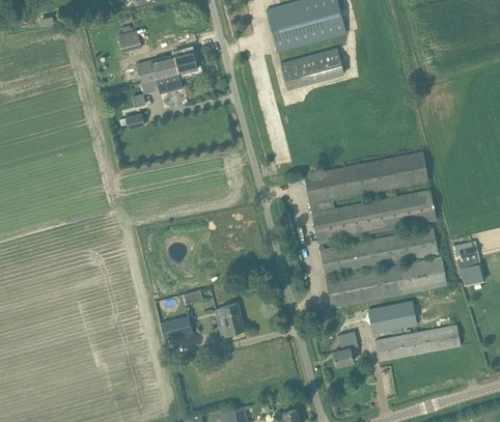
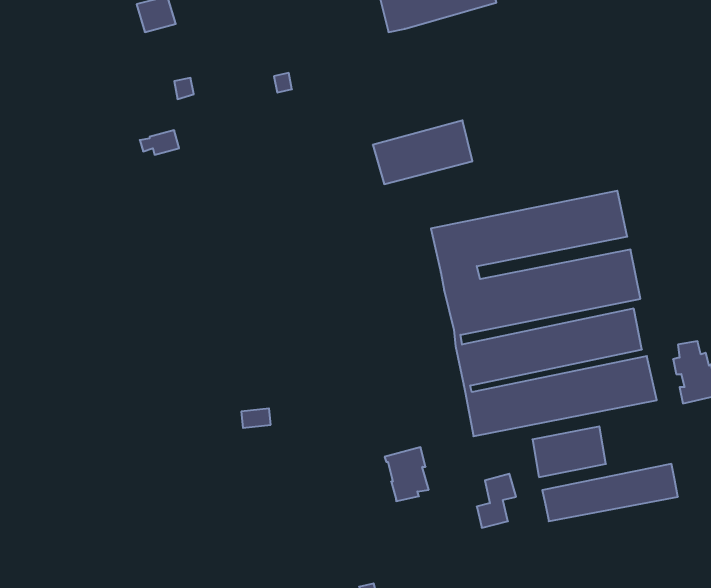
building: [280,48,343,88] -> [373,120,472,184]
building: [151,49,197,93] -> none
building: [215,303,243,337] -> [385,447,429,501]
building: [161,315,193,339] -> none

